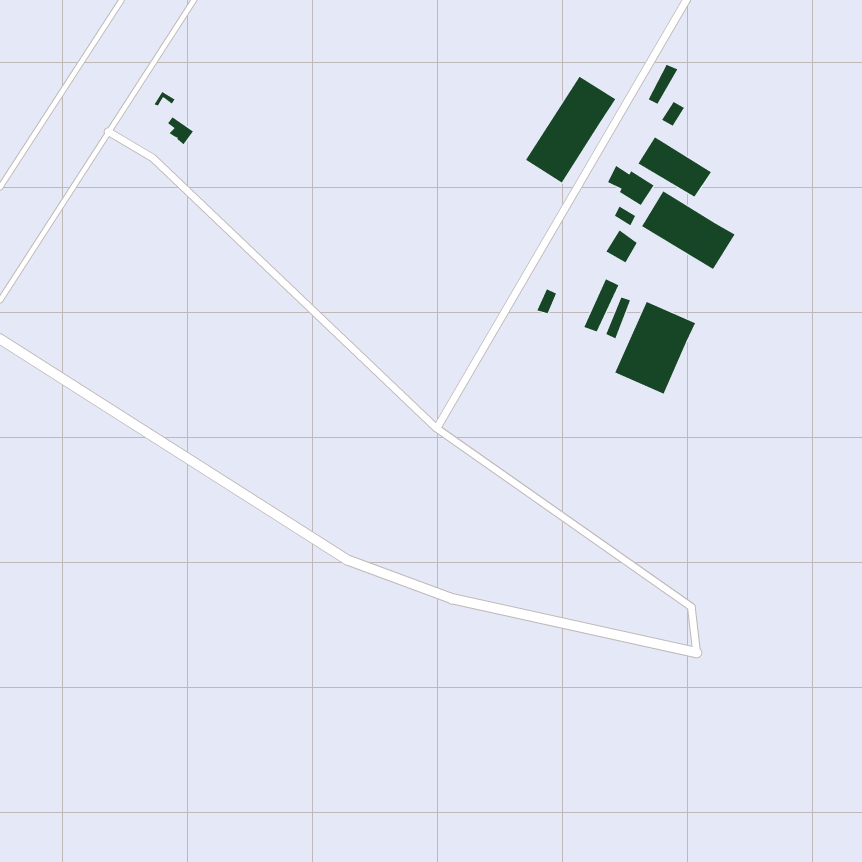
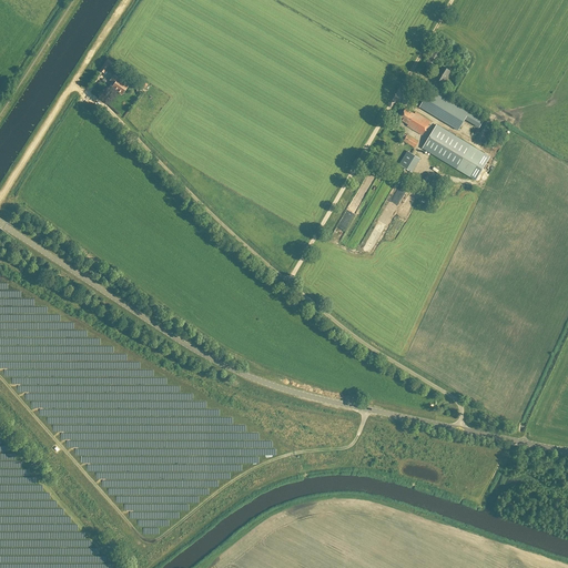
building: [525,76,616,183] -> none
building: [614,301,696,395] -> none

